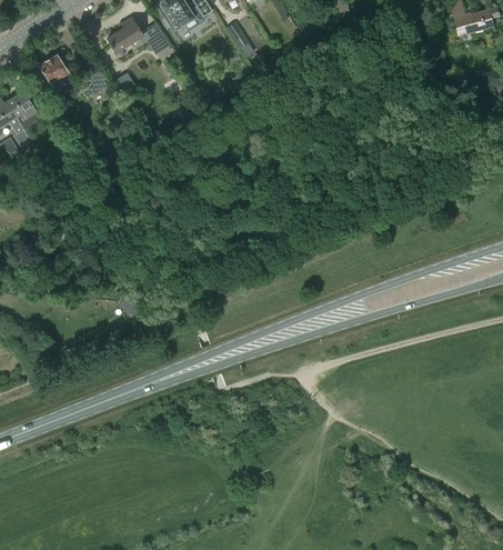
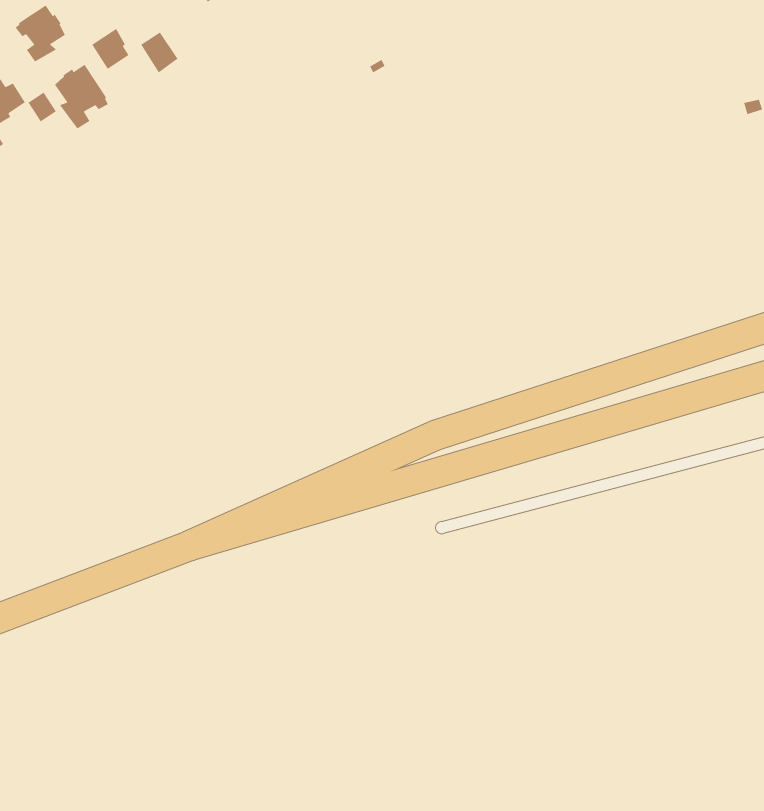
building: none -> [54,64,109,129]

